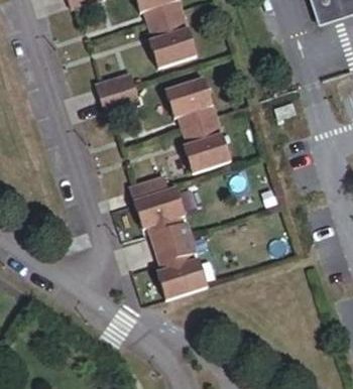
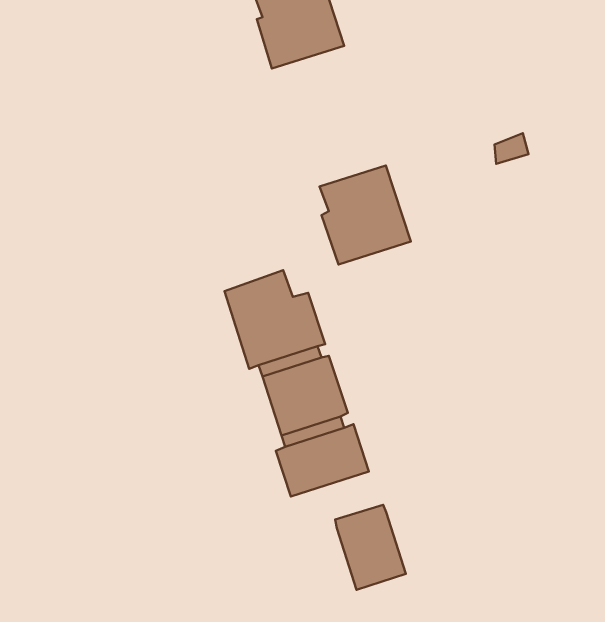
building: [98,73,141,113] -> none
building: [164,79,217,131] -> none
building: none -> [335,505,406,590]

